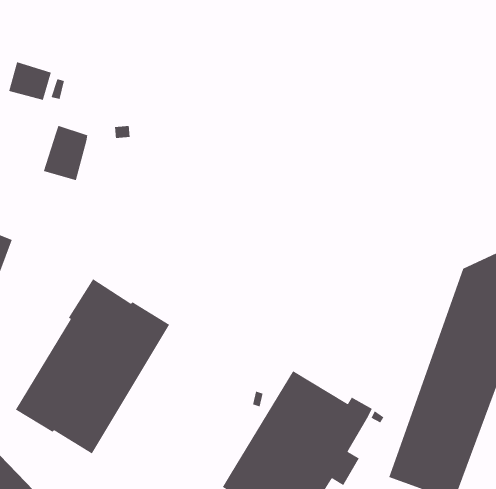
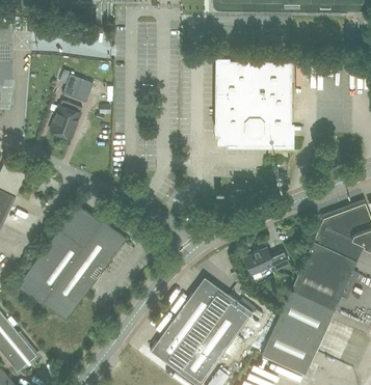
building: none -> [215,59,290,144]
building: [8,61,52,101] -> [62,76,92,104]
building: none -> [243,249,288,275]

